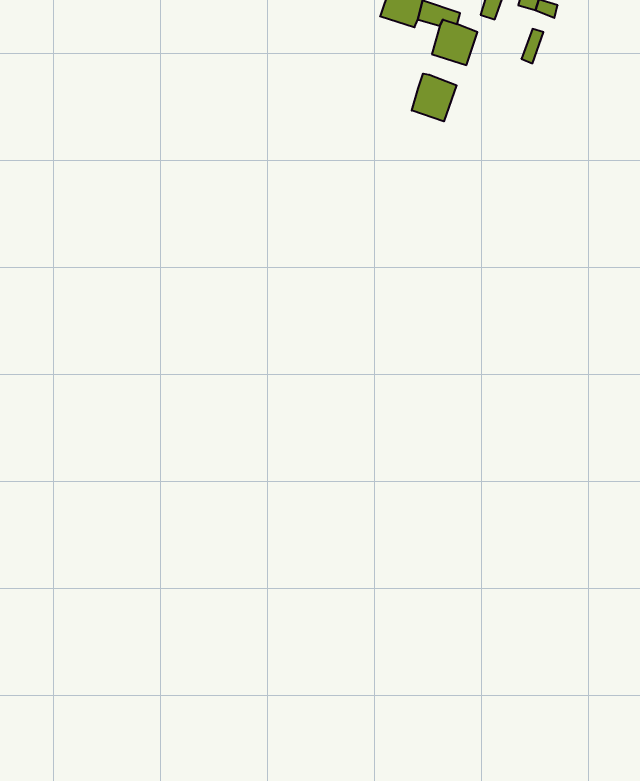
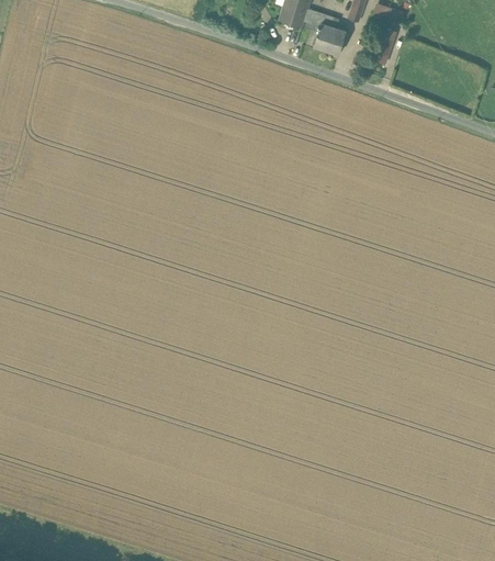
building: [412,74,457,121] -> none

